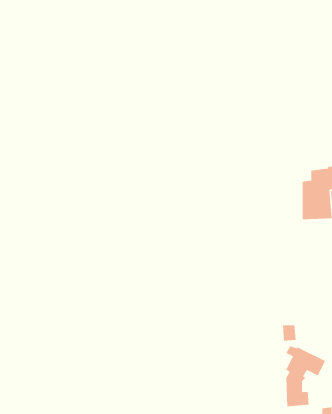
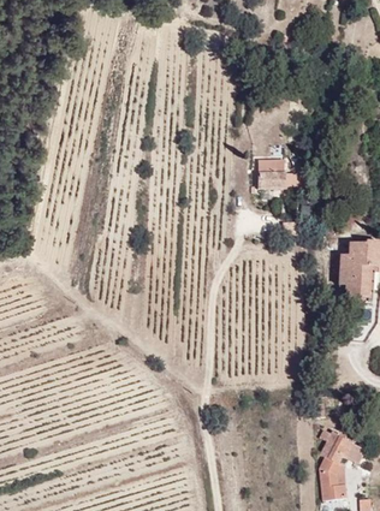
building: none -> [263,160,305,190]

